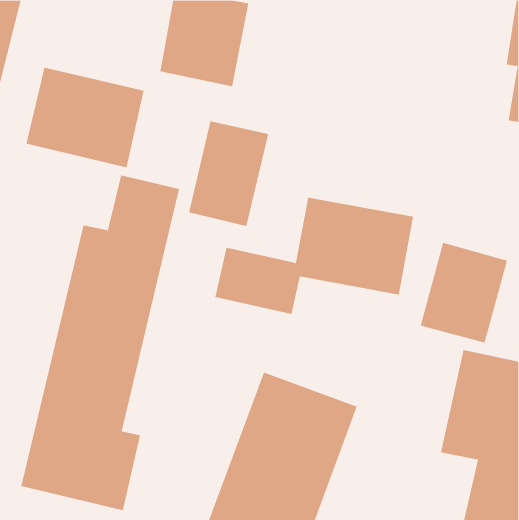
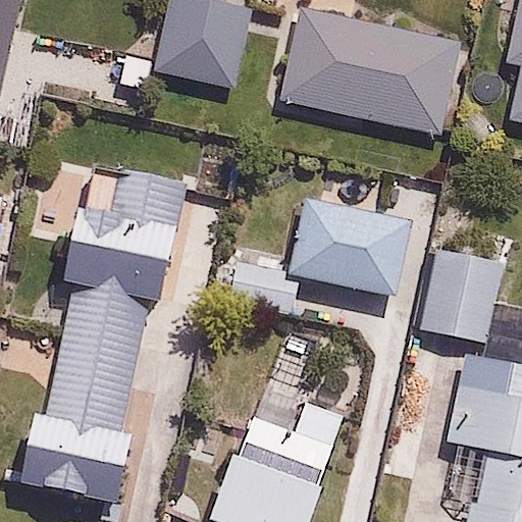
building: none -> [288,7,457,132]
building: [26,67,144,168] -> none
building: [188,121,269,227] -> none

